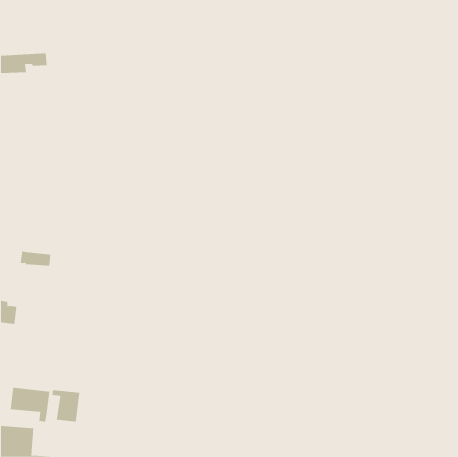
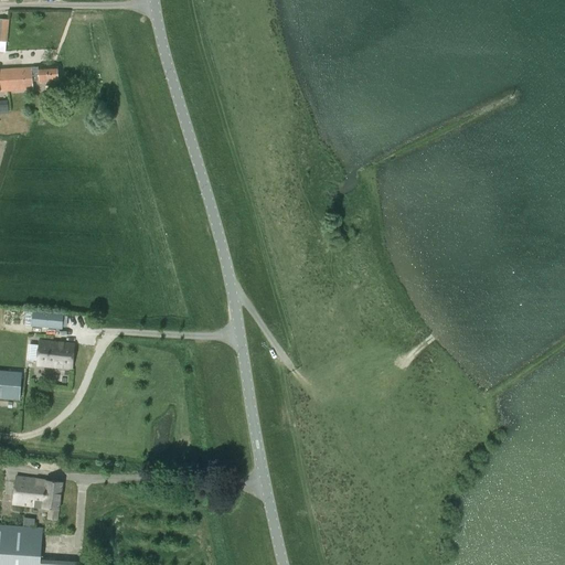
building: none -> [36,340,74,369]
building: [52,390,80,422] -> none

